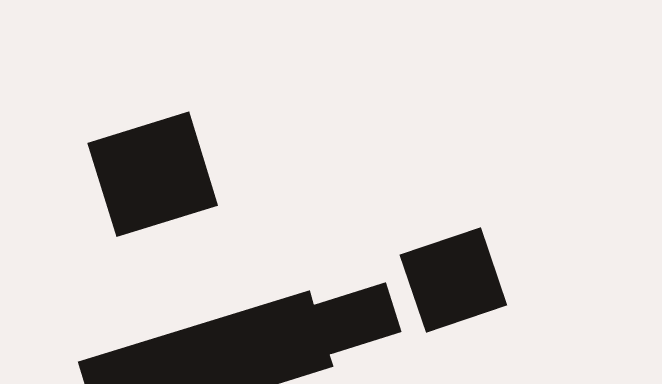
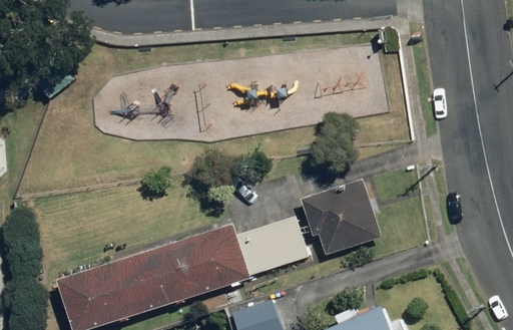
building: [87,111,219,238] -> none

